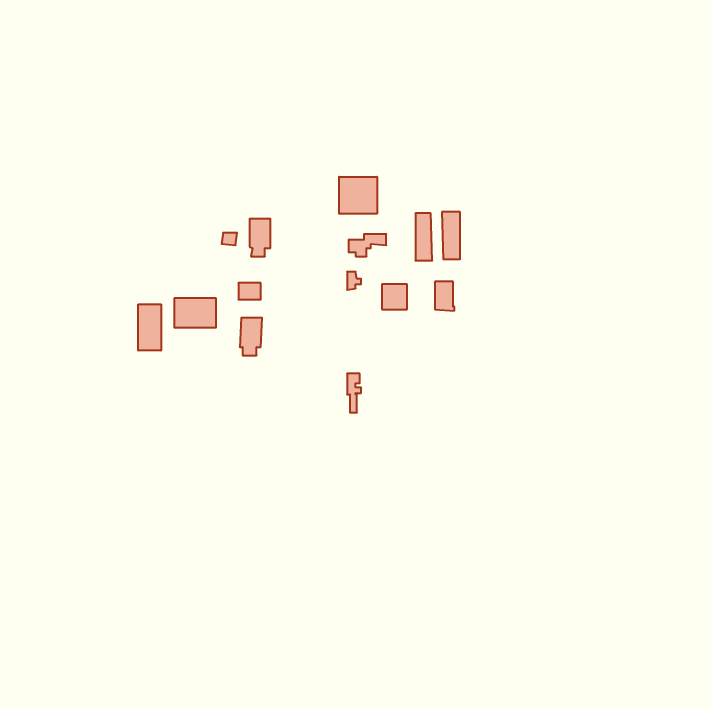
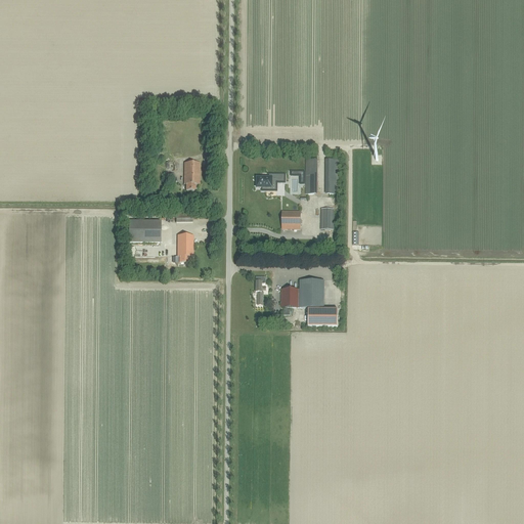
building: [339,177,377,214] -> none
building: [138,304,161,351] -> none
building: none -> [280,278,337,325]

